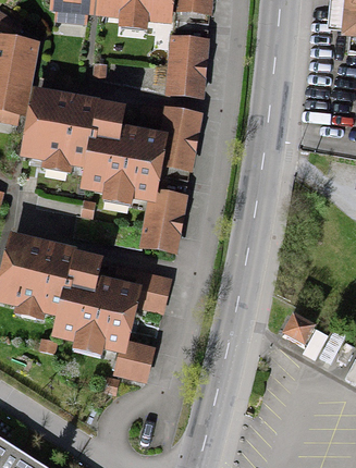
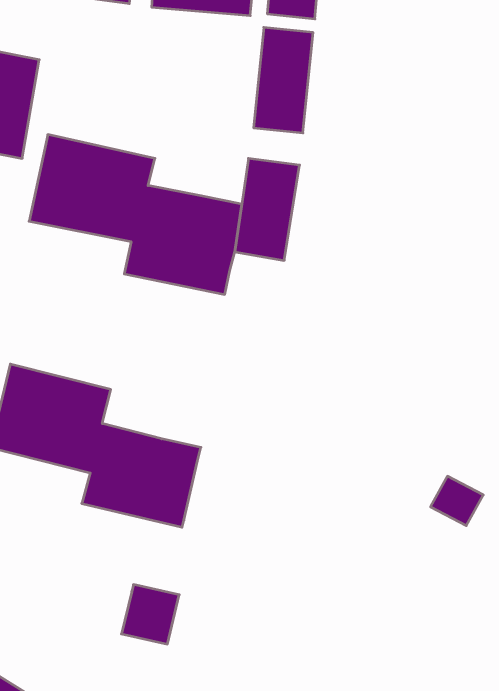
building: [140,181,187,249] -> none
building: [133,272,169,309] -> none
building: [116,341,154,379] -> [121,585,179,644]

